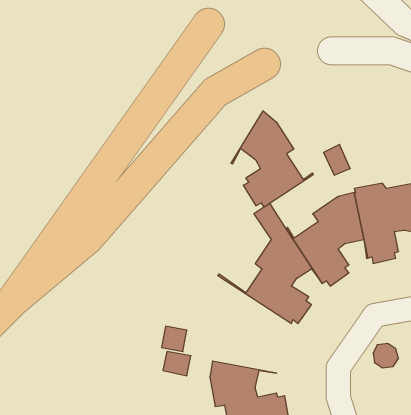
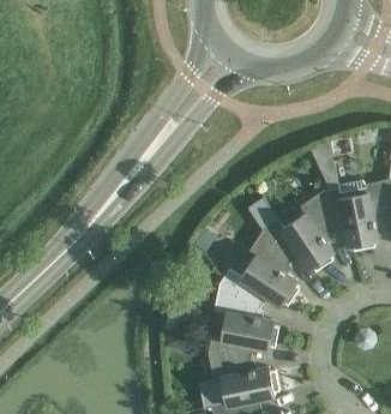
building: [231,111,313,207] -> none
building: none -> [211,262,282,349]

